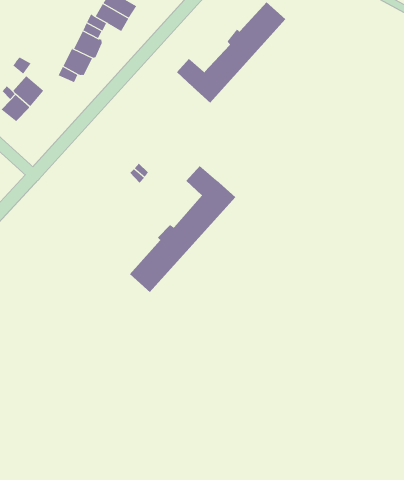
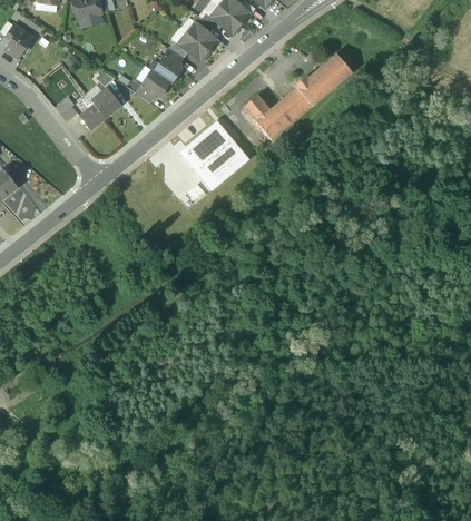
building: none -> [181,122,248,188]
building: [129,165,236,293] -> none

